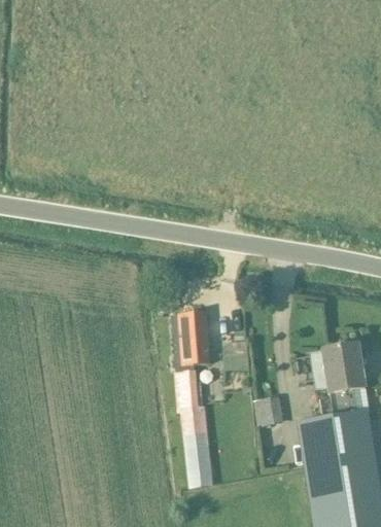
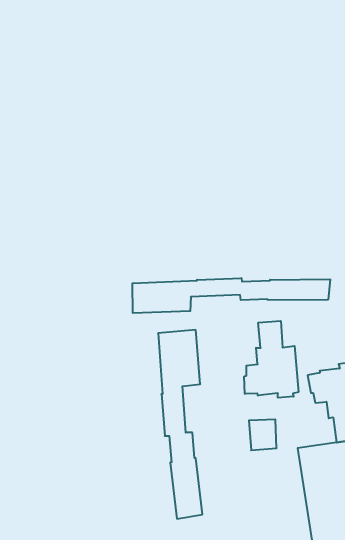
building: none -> [132,278,330,313]
building: none -> [244,321,298,398]

